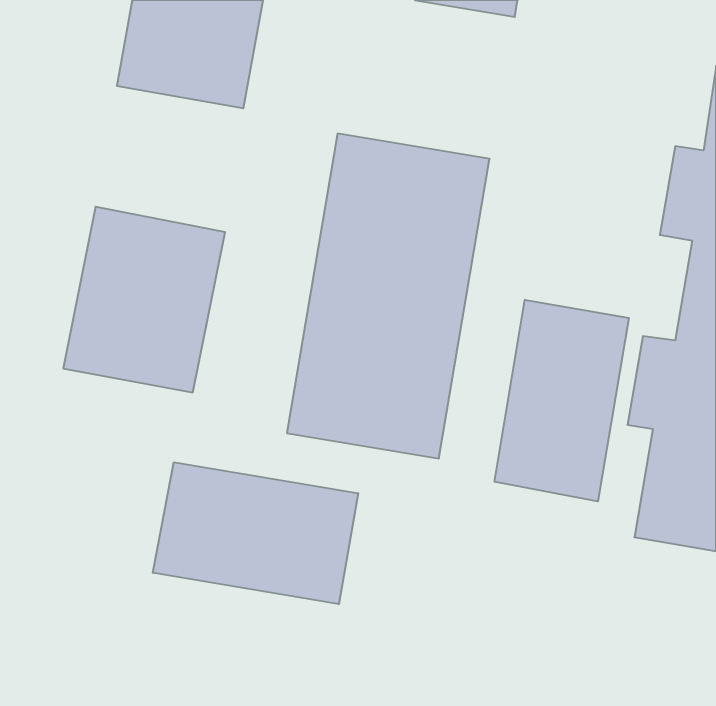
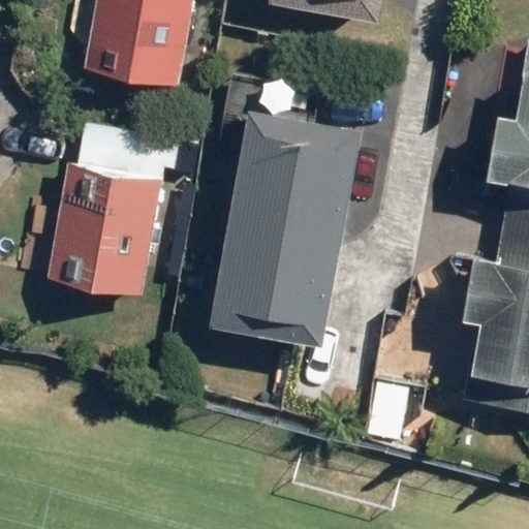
building: [494,300,629,501] -> none
building: [153,462,358,604] -> none

